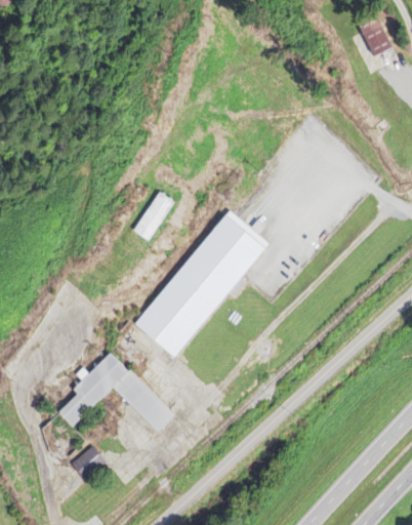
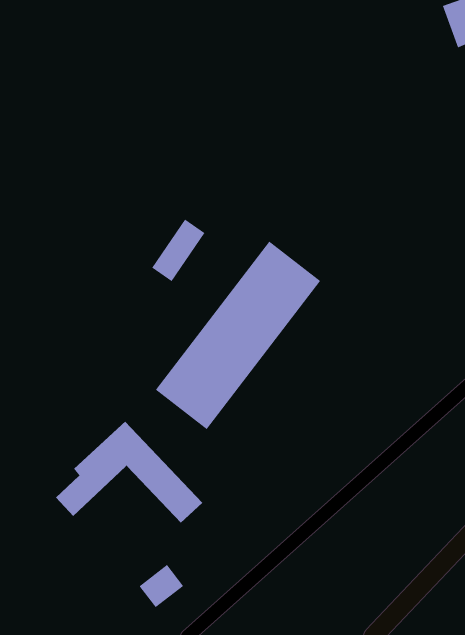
building: [72,445,108,480] -> [139,564,184,608]

